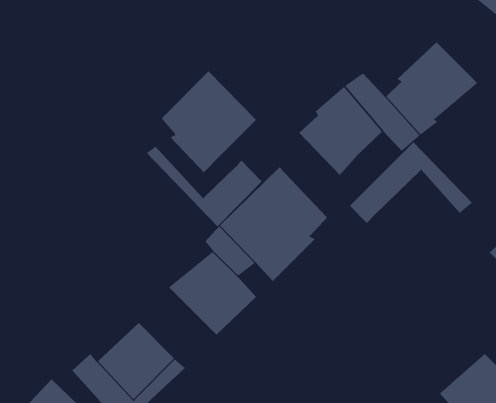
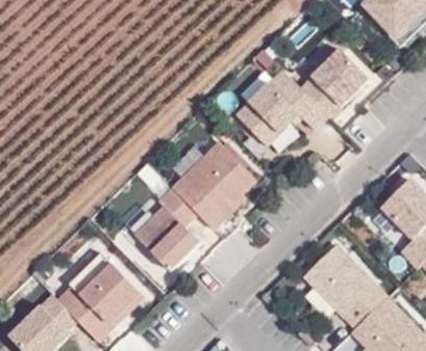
building: [161,70,257,173] -> none
building: [349,142,473,224] -> none
building: [146,146,263,227] -> none
building: none -> [302,245,377,316]

